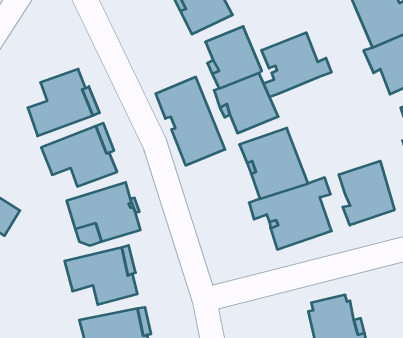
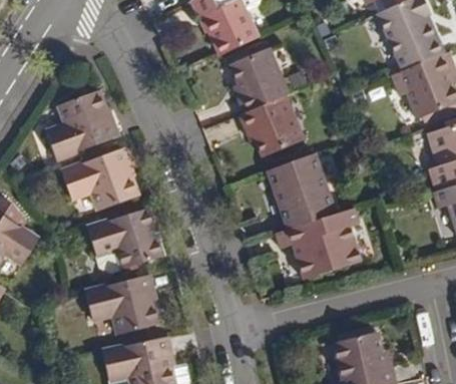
building: [262,33,331,97] -> none
building: [156,77,225,165] -> none
building: [339,161,394,225] -> none

